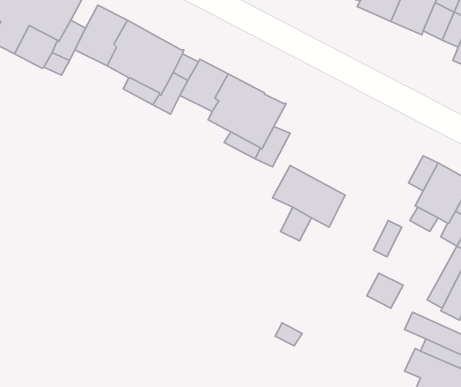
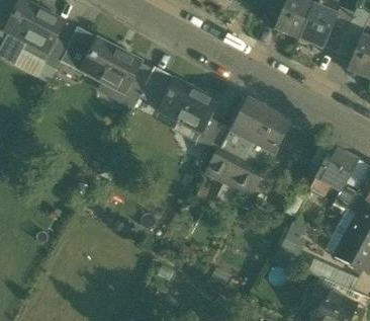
building: none -> [221,99,288,168]

